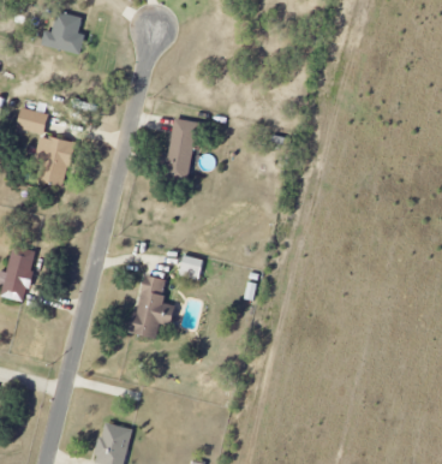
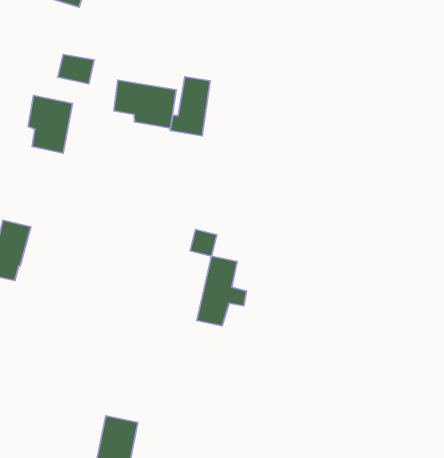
building: [16,108,48,135] -> [58,54,94,84]
building: none -> [114,80,176,128]
building: [131,274,175,337] -> [197,256,246,326]

